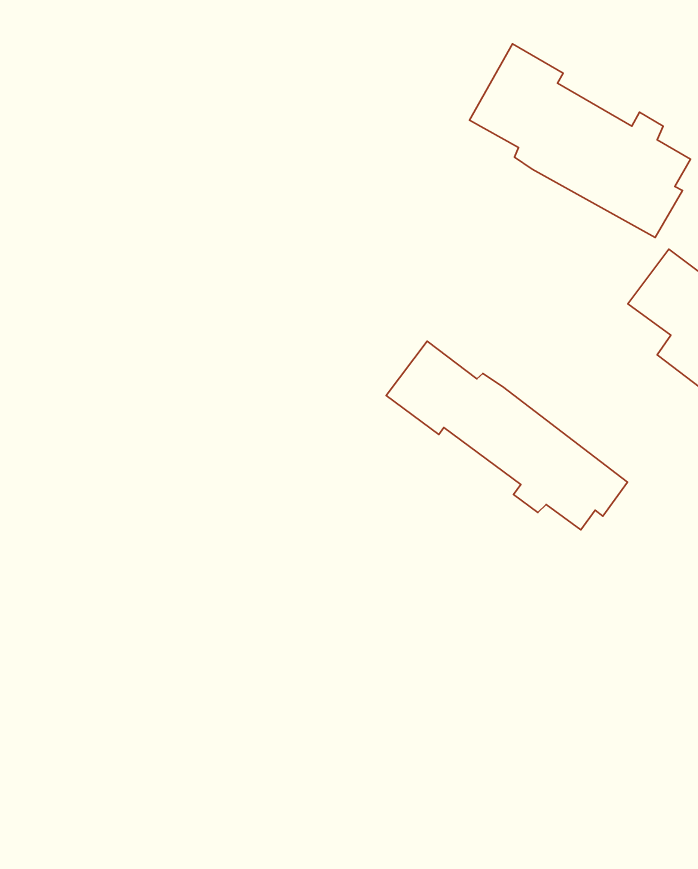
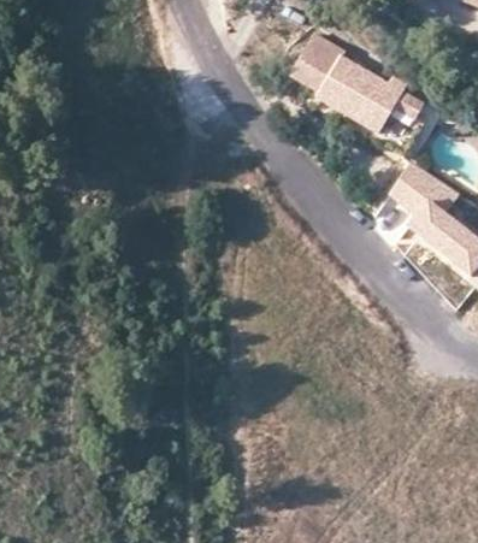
building: [386,341,628,530] -> none

